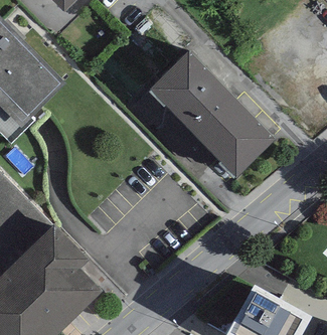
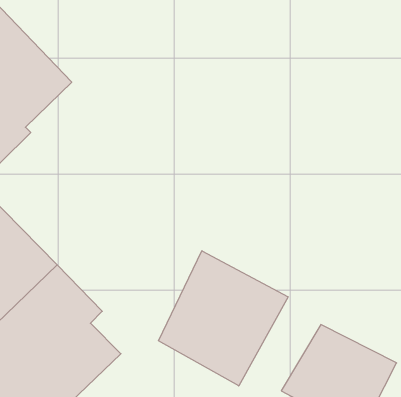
building: [148,51,276,181] -> none
building: none -> [159,251,288,386]

